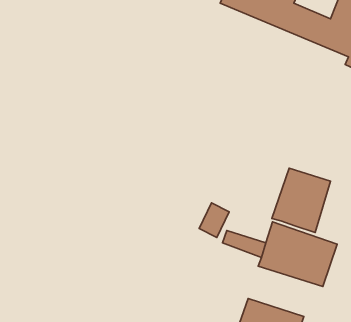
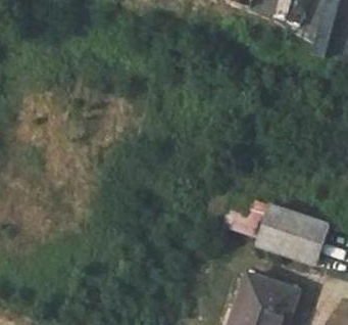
building: [272,168,331,233] -> none

